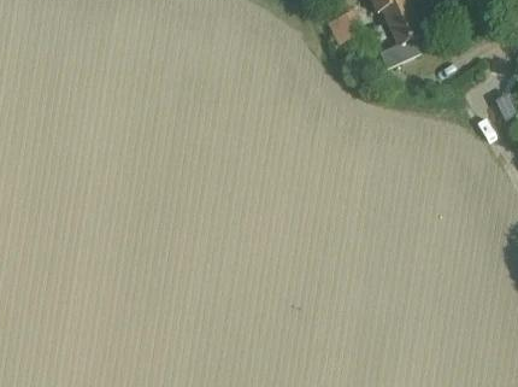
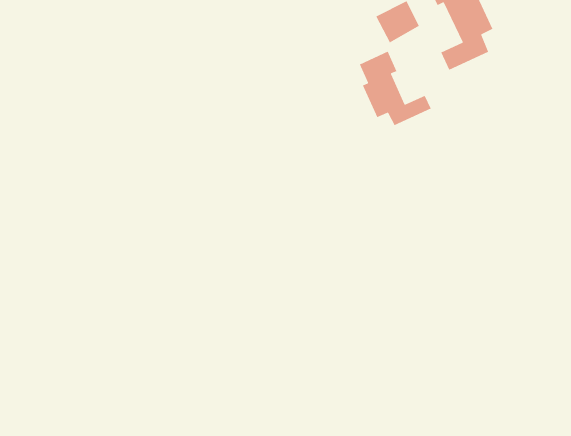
building: none -> [359,51,432,126]

